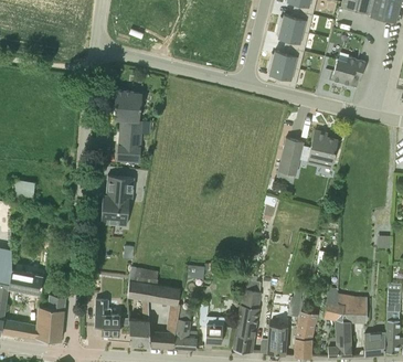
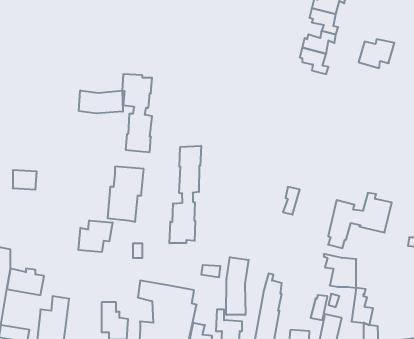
building: none -> [79,90,123,113]
building: [278,130,337,181] -> [328,193,392,248]
building: none -> [169,146,201,243]
building: none -> [78,220,113,252]
building: none -> [226,257,249,315]
building: [336,291,365,322] -> [324,254,356,288]

